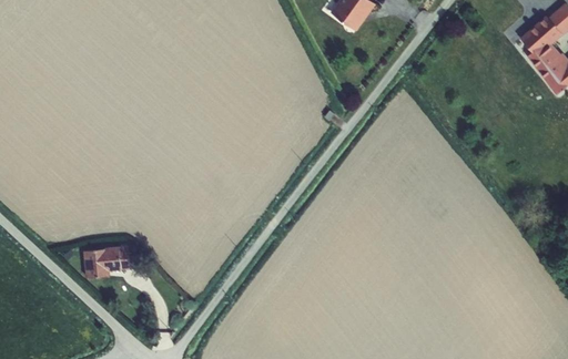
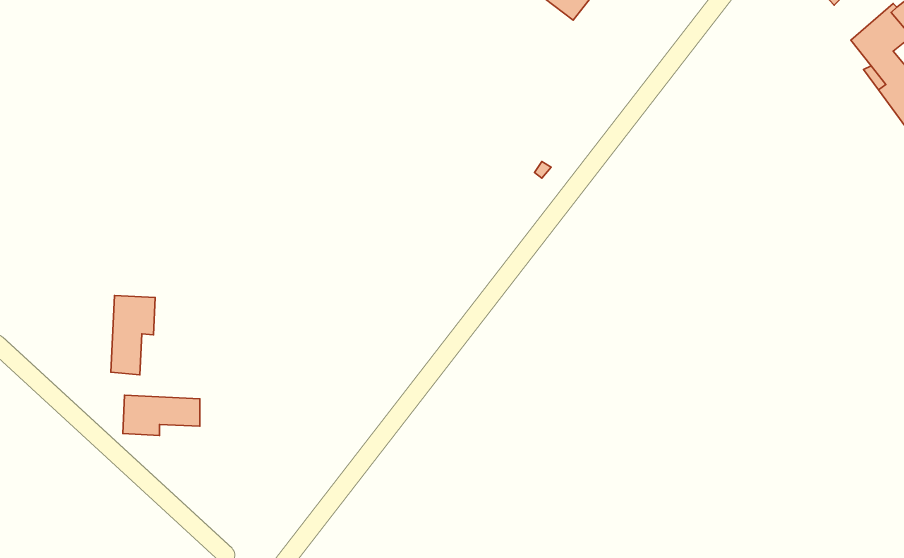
building: none -> [111,295,155,375]

